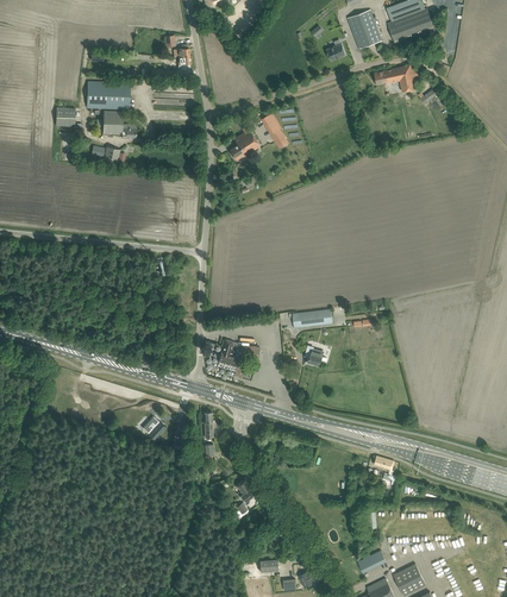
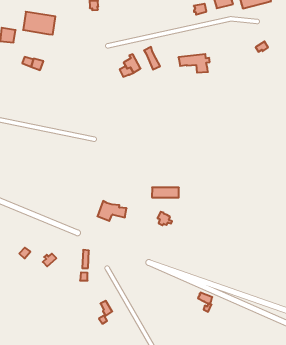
building: [373,64,418,92] -> [178,54,210,73]
building: [101,111,136,138] -> none

